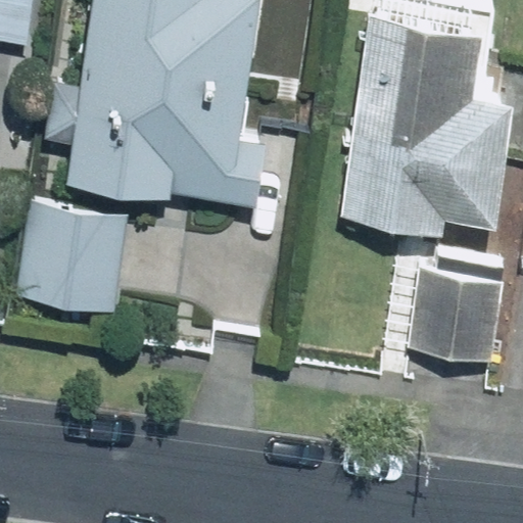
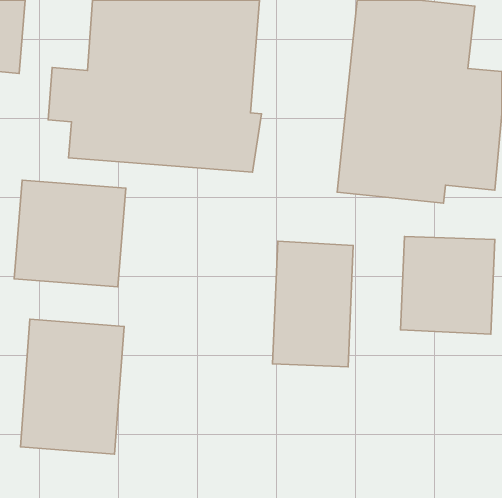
building: none -> [273,241,353,367]
building: none -> [20,319,124,454]

